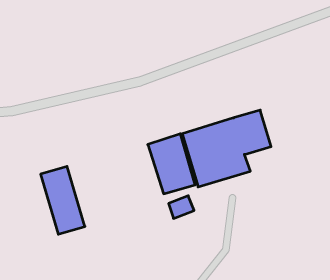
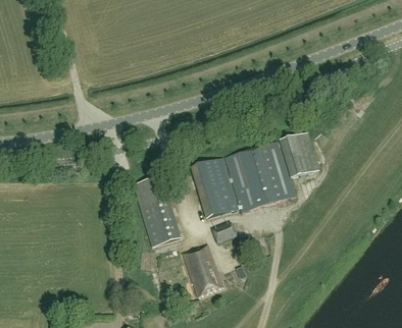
building: [41,166,85,234] -> [134,175,180,245]
building: none -> [182,242,223,295]

